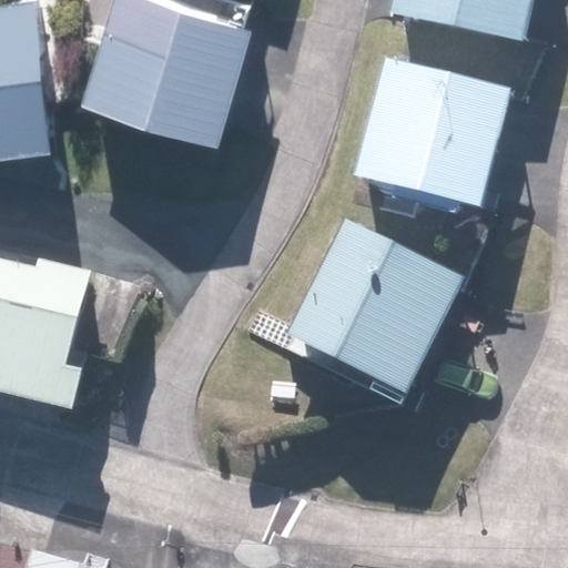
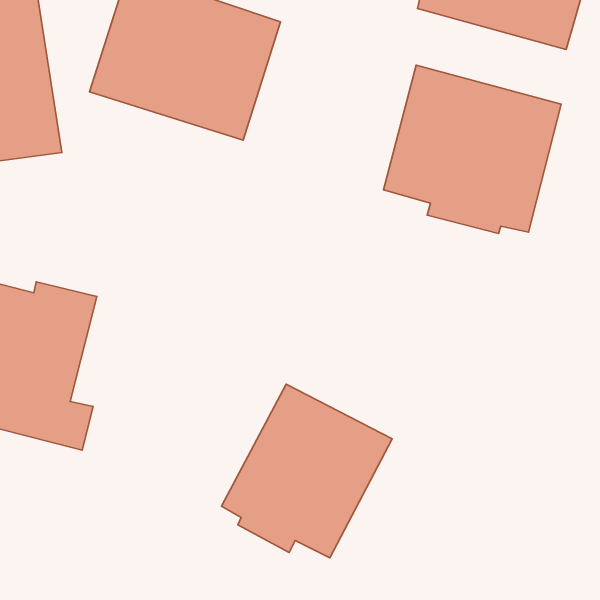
building: [283,216,465,395] -> none
building: none -> [222,384,392,558]

